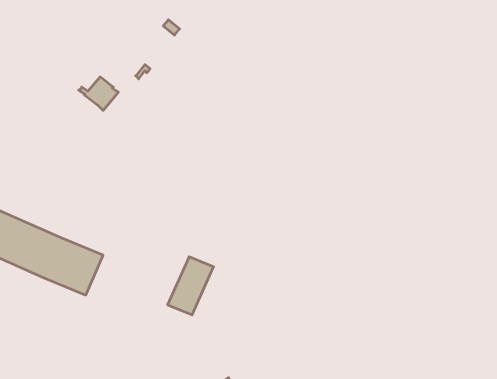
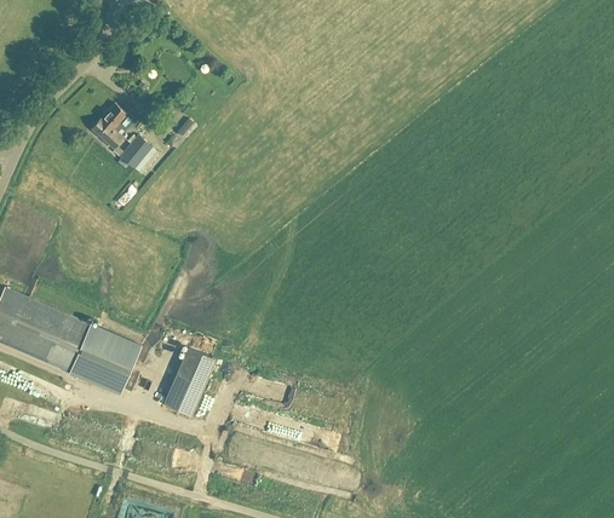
building: none -> [91,102,127,148]
building: [168,257,214,315] -> [162,345,217,414]

